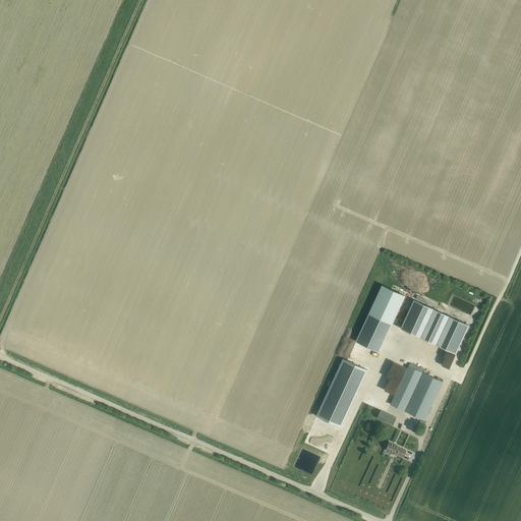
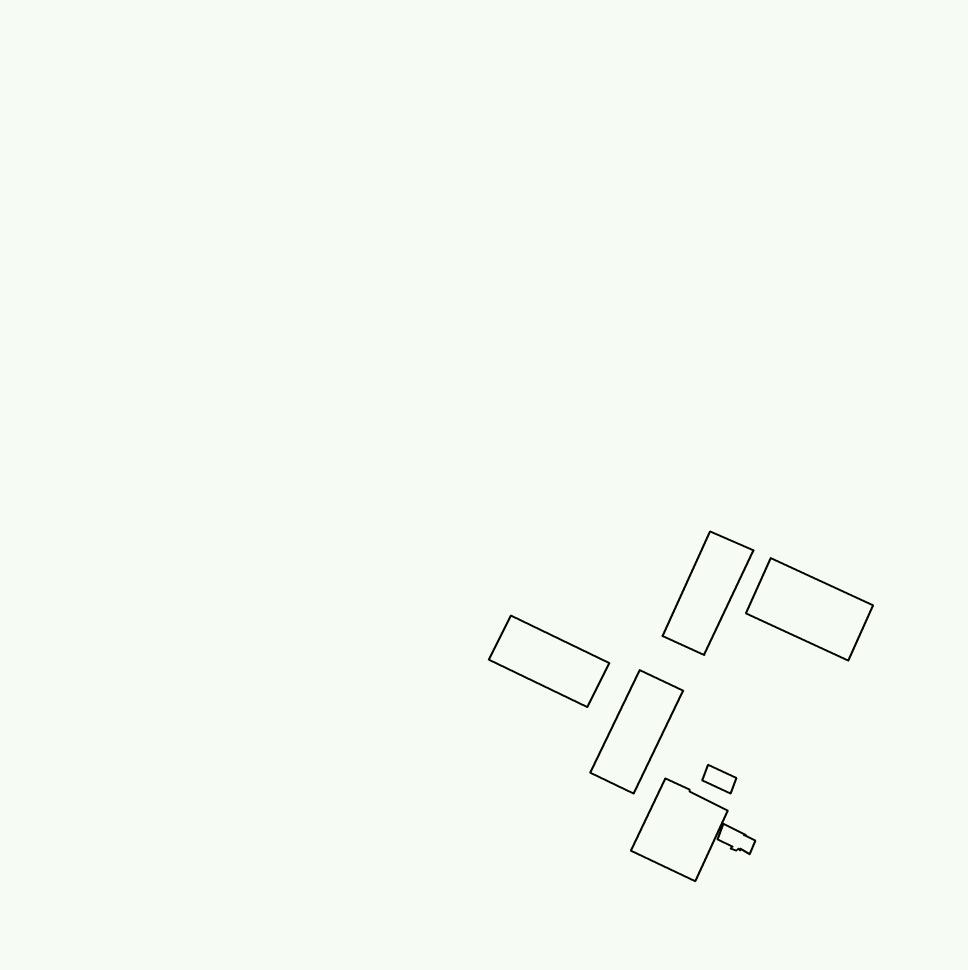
building: none -> [489,616,609,707]
building: [390,365,442,420] -> [631,779,728,881]

